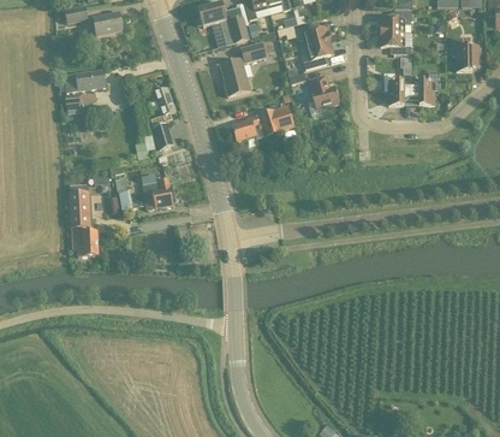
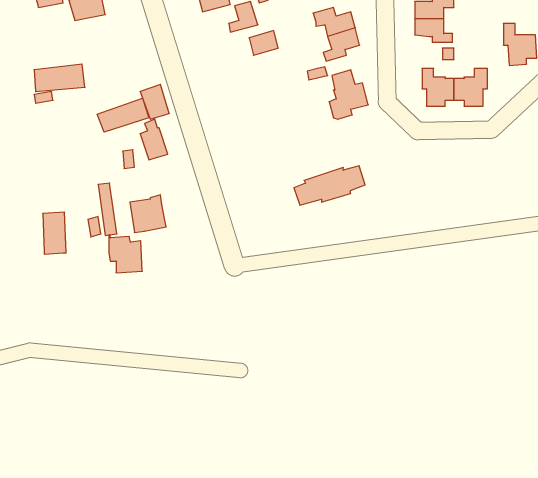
building: [220,59,250,96] -> none
building: none -> [97,98,149,132]
building: [233,108,292,141] -> [294,166,365,205]
building: [71,225,99,256] -> [109,235,142,273]

